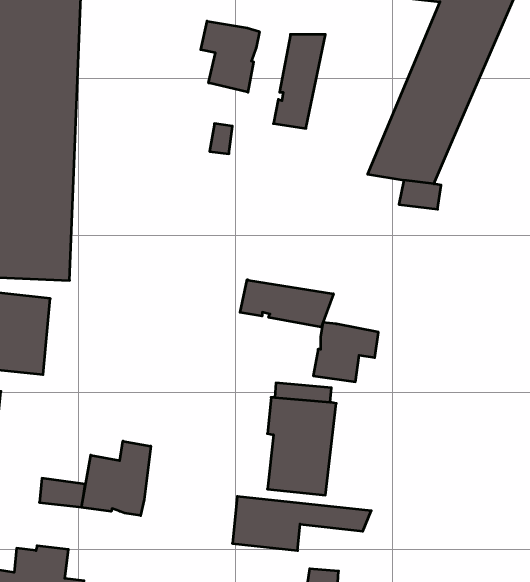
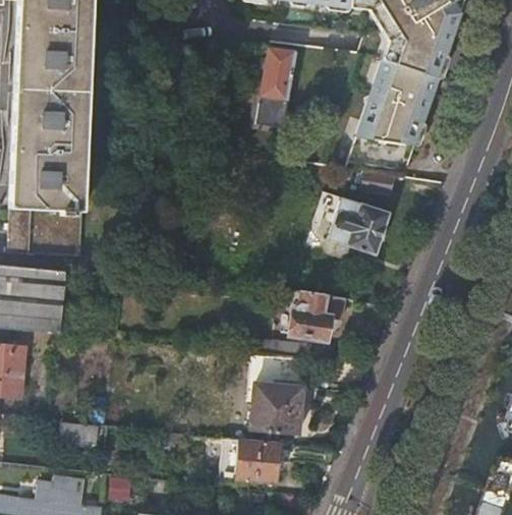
building: [201,21,259,92] -> none
building: none -> [329,197,390,254]
building: [240,280,333,327] -> none
building: [82,441,151,516] -> none

